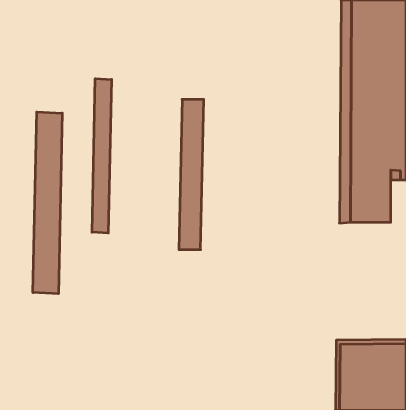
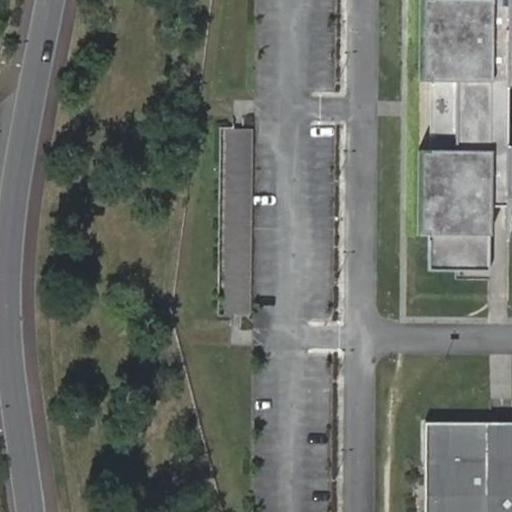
building: [92,79,112,233] -> none
building: [33,112,62,294] -> none

